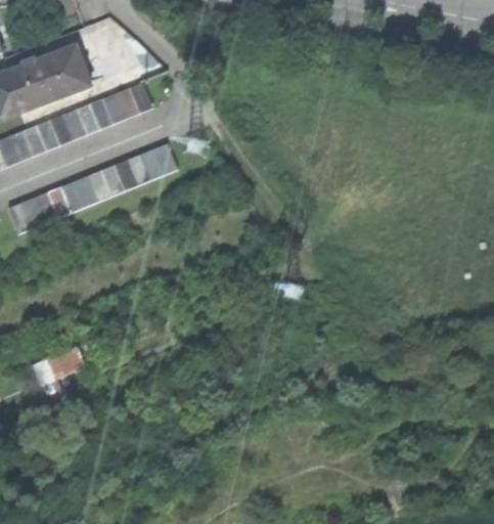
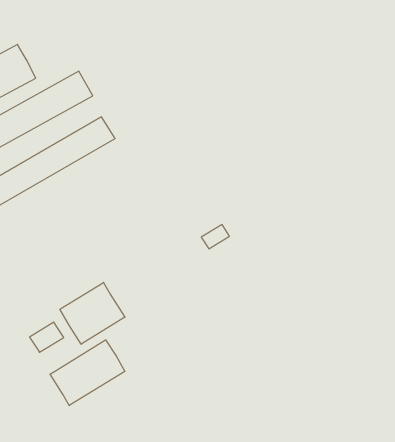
building: none -> [60,282,125,344]
building: none -> [50,340,125,406]

